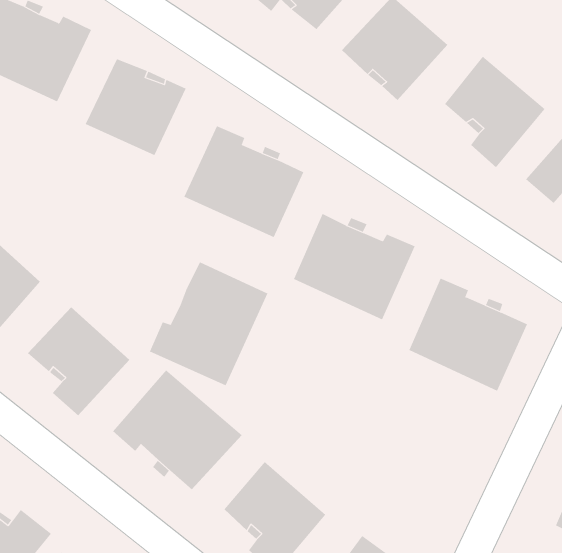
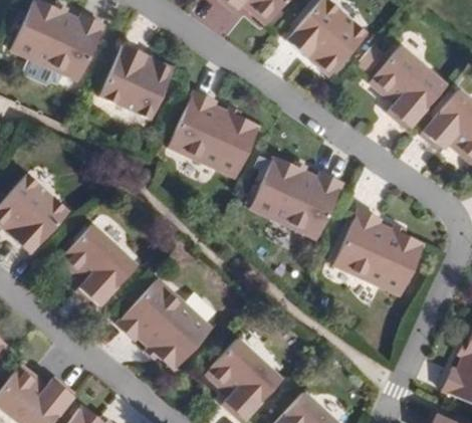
building: [149,262,268,386] -> none

